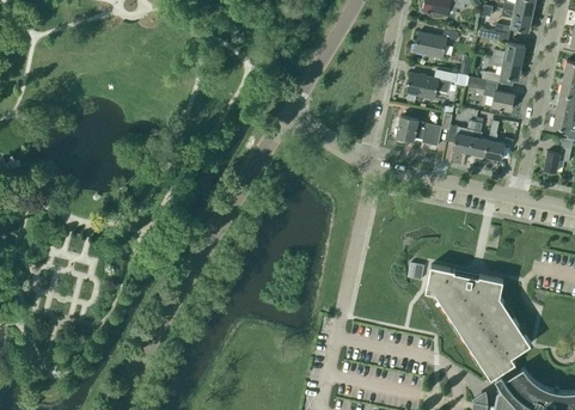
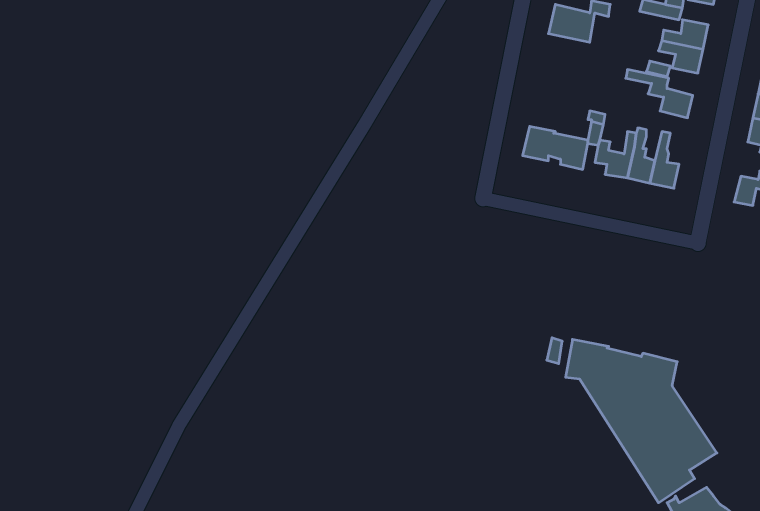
building: [405,71,467,99] -> none

